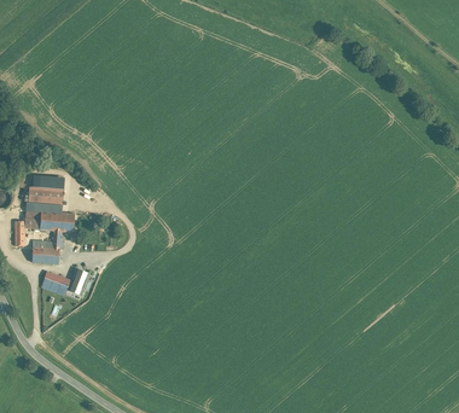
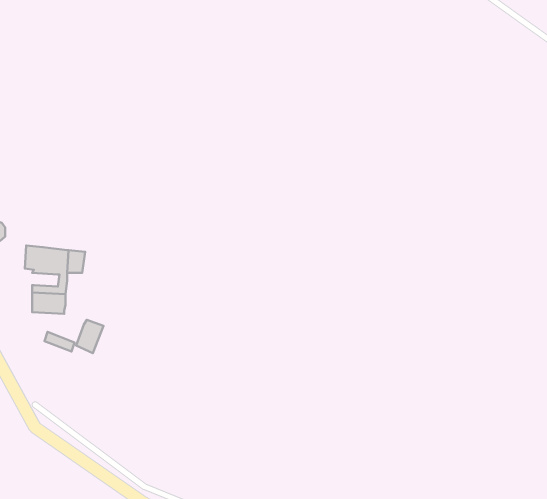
building: [27,185,62,204] -> none

